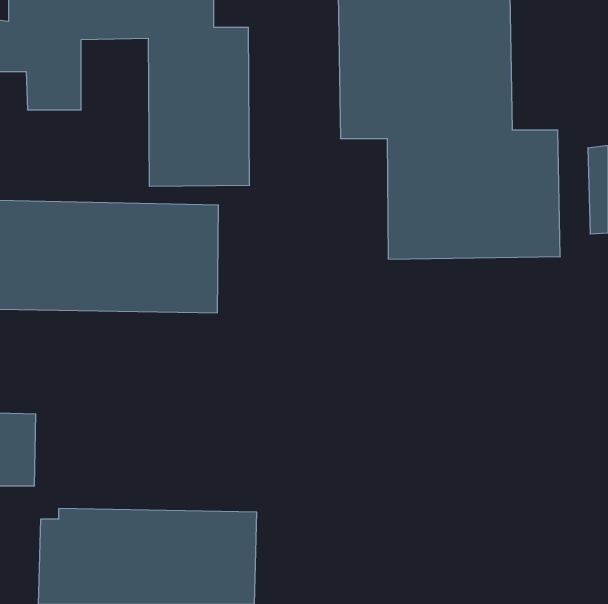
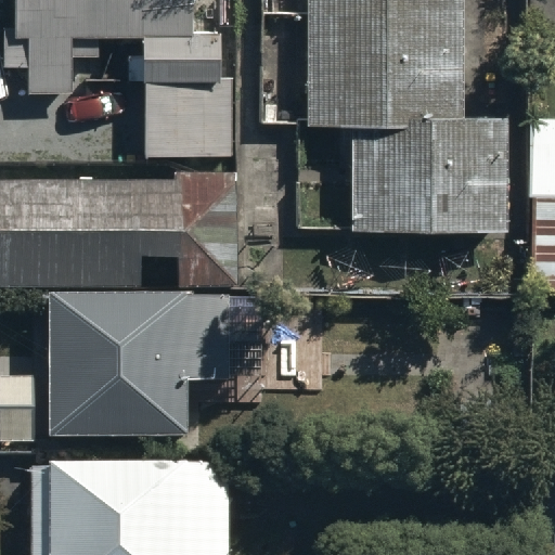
building: none -> [48,287,228,429]

